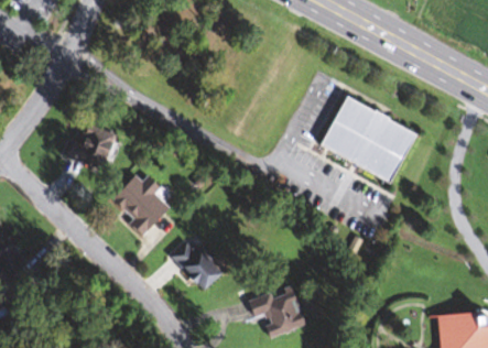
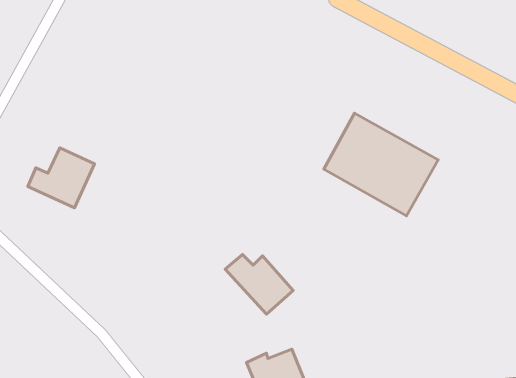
building: [119,171,176,232] -> none
building: [177,241,234,291] -> [225,254,293,314]

